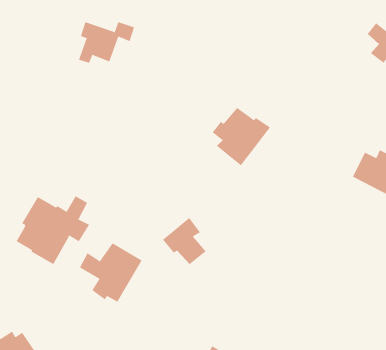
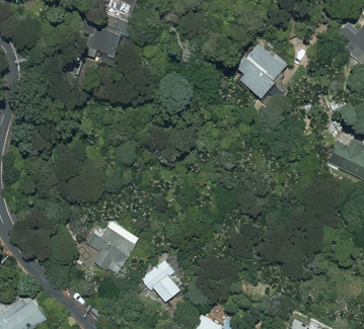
building: [212,107,271,166] -> [234,42,287,94]
building: [16,195,90,265] -> none
building: [162,217,206,265] -> [140,257,179,300]

